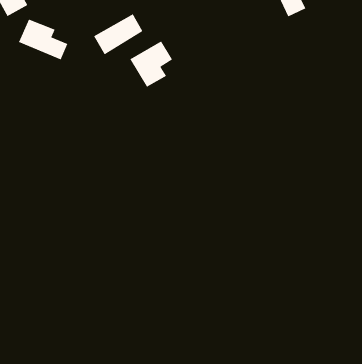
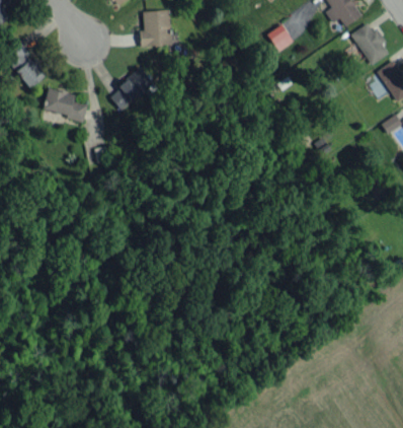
building: [130,40,173,87] -> none

